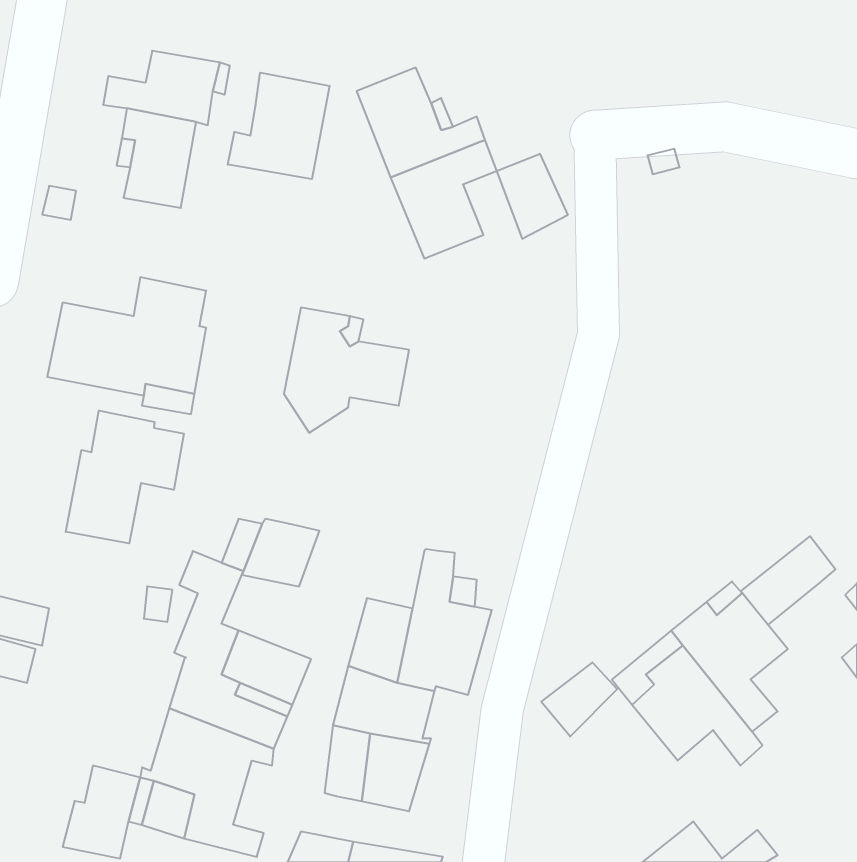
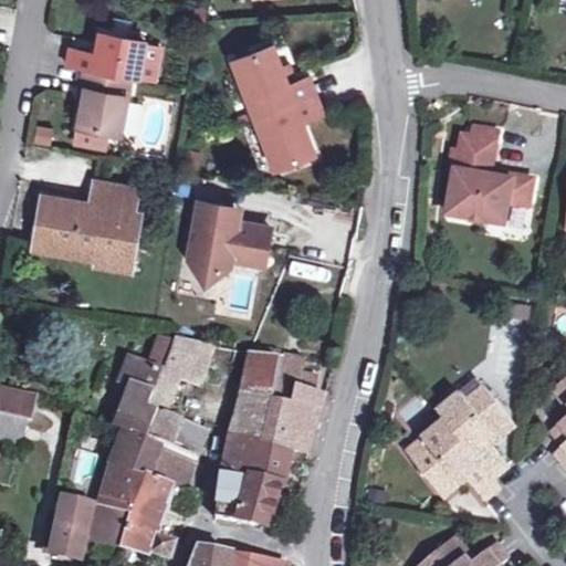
building: [228,73,330,179] -> none
building: [497,154,568,239] -> none
building: none -> [449,127,533,223]
building: [66,410,184,543] -> none
building: [741,536,835,625] -> none
building: none -> [240,355,277,398]
building: [541,662,617,737] -> none

